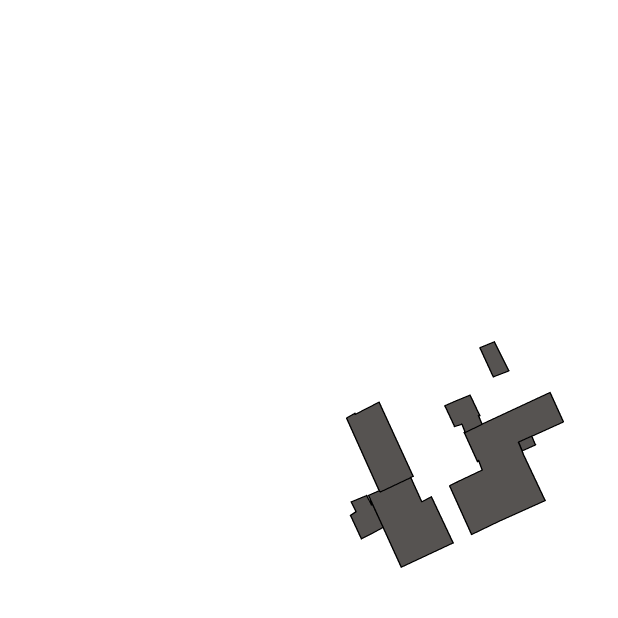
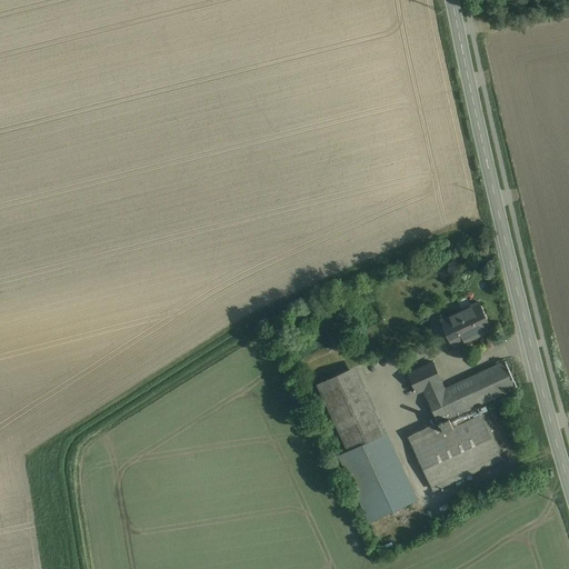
building: none -> [453,301,491,340]
building: [350,495,383,539] -> none

